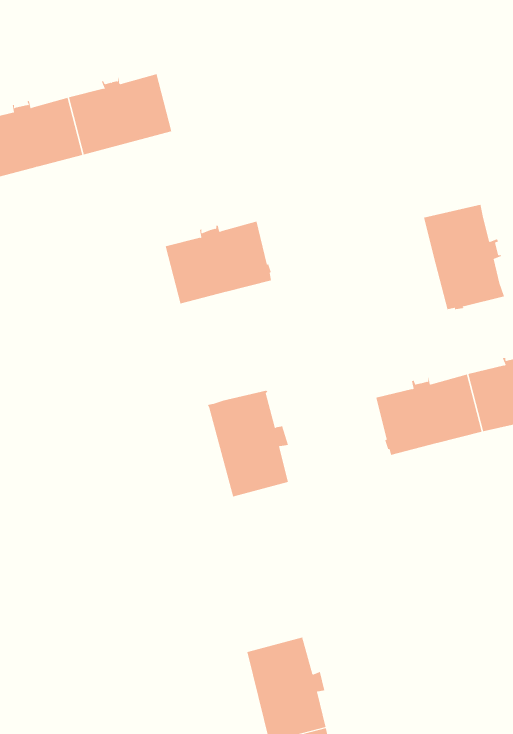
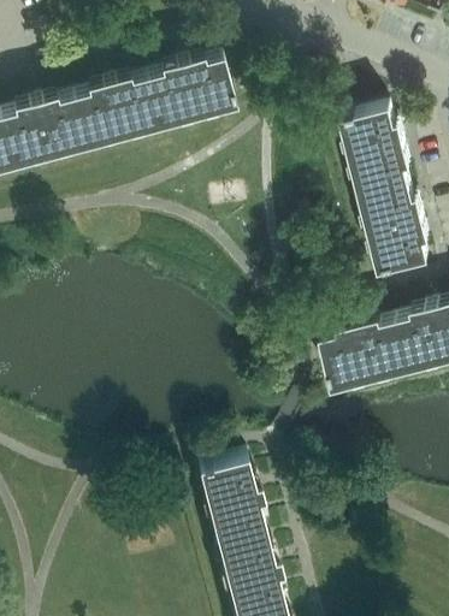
building: none -> [344,109,409,195]
building: [165,221,272,304] -> [147,58,234,125]
building: [207,390,289,497] -> [199,460,265,546]

